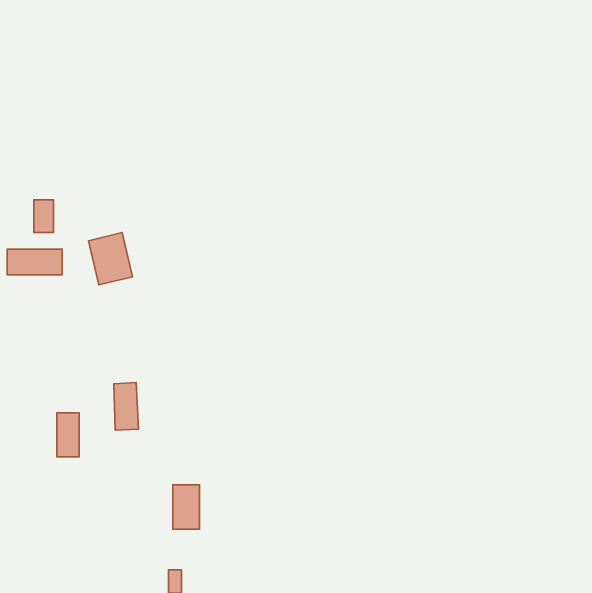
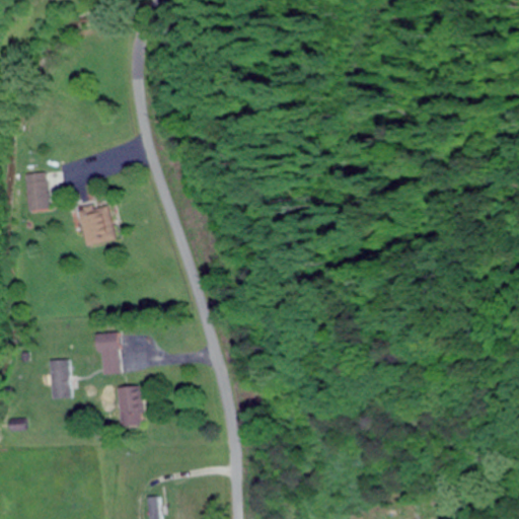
building: [7,249,62,275] -> none
building: [173,485,200,529] -> [118,387,141,426]

